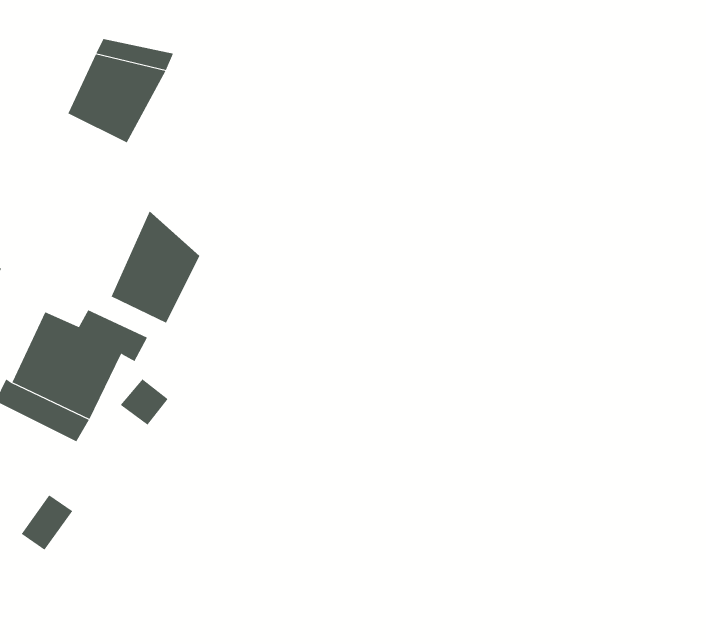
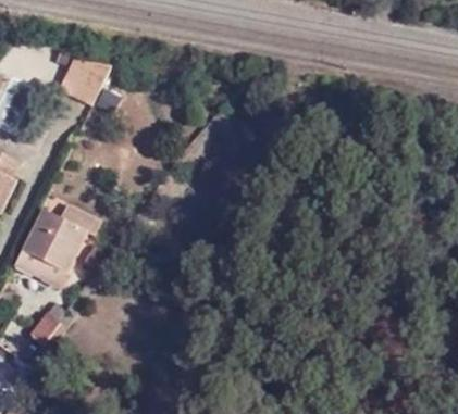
building: [111,210,200,323] -> none

